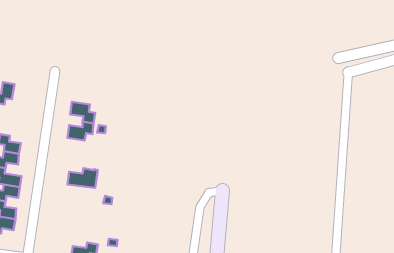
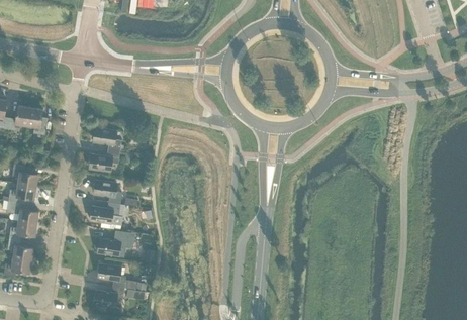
building: none -> [28,107,49,133]
building: none -> [95,179,123,204]
building: none -> [99,234,128,255]
building: none -> [99,263,127,288]

